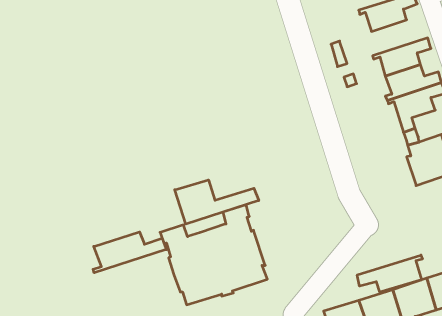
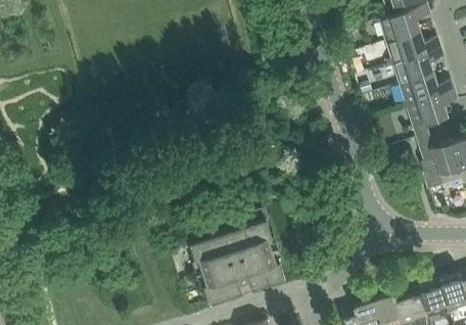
building: none -> [386,31,440,65]
building: [175,180,259,224] -> none
building: [93,232,166,273] -> none
building: [357,255,422,292] -> none

